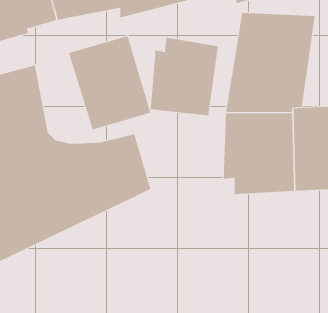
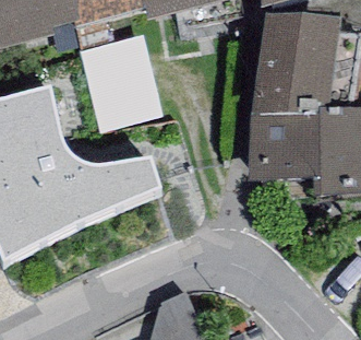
building: [150,37,219,116] -> none

